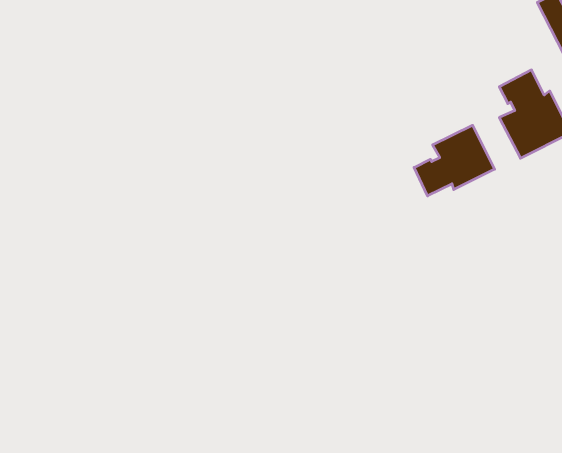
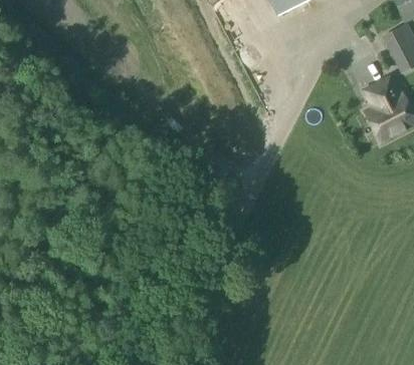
building: [414,125,495,196] -> none

